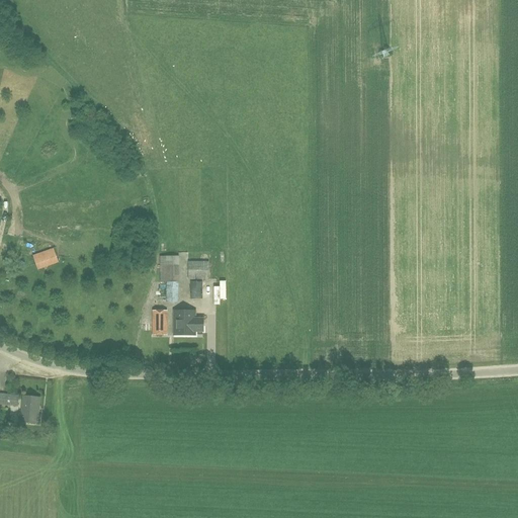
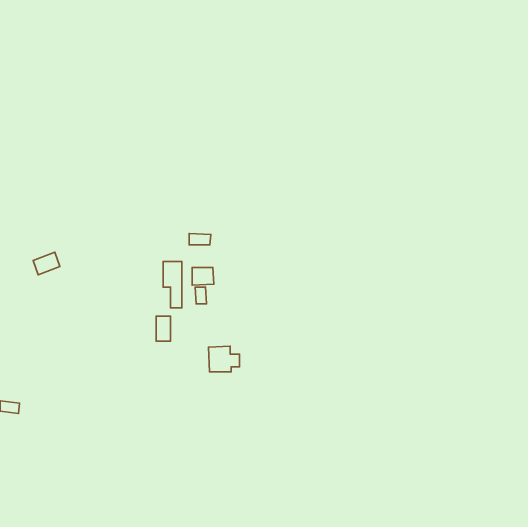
building: [173,310,203,335] -> [209,346,240,372]
building: [21,396,39,422] -> none

